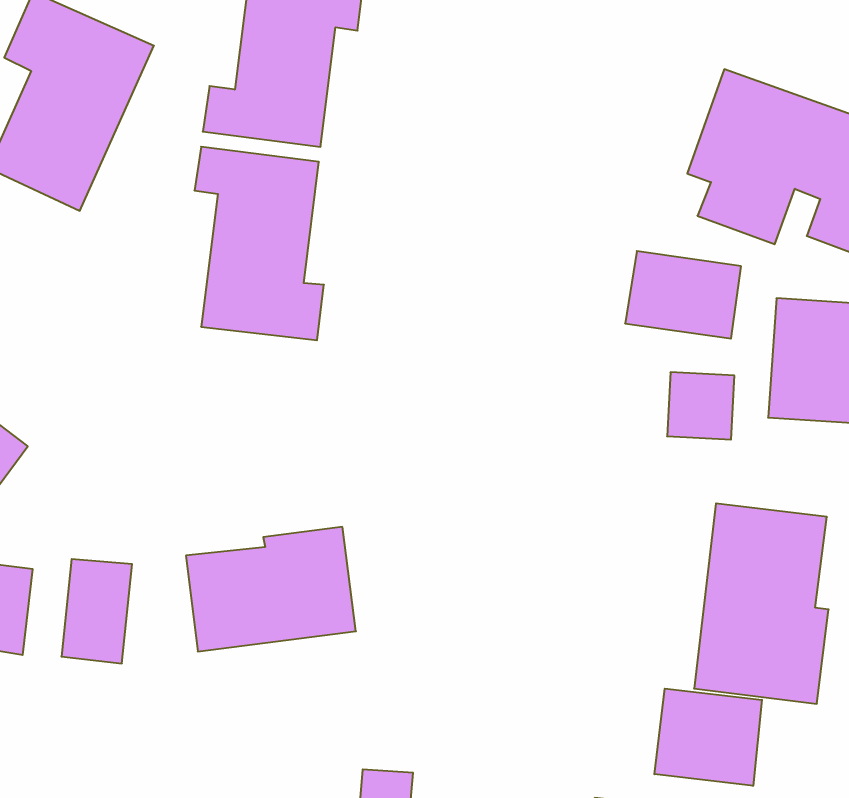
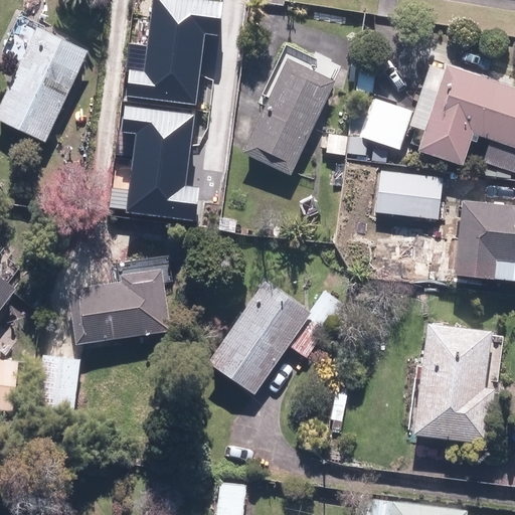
building: none -> [242,42,336,175]
building: none -> [362,98,412,151]
building: none -> [214,281,345,389]
building: [186,527,356,651] -> [69,268,171,342]
building: [654,689,762,786] -> none

